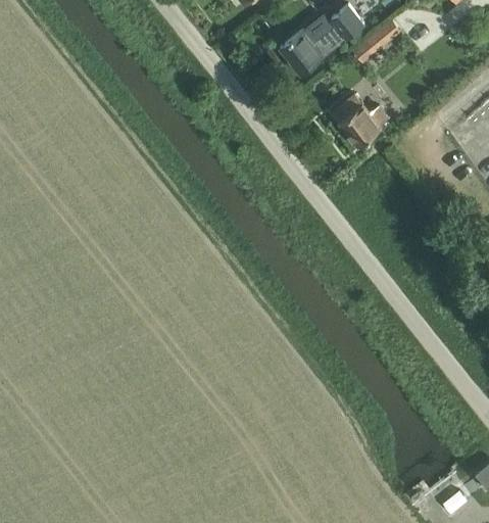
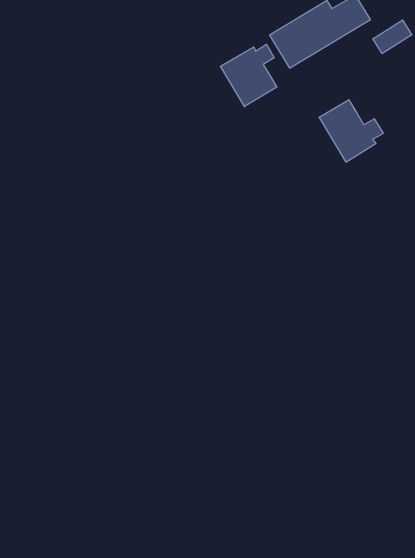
building: none -> [220,44,277,107]

